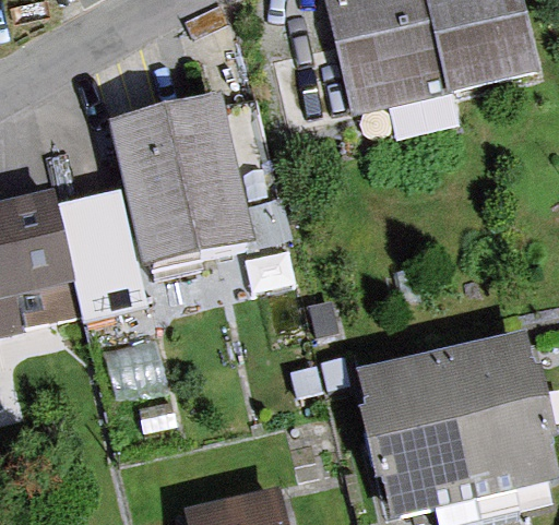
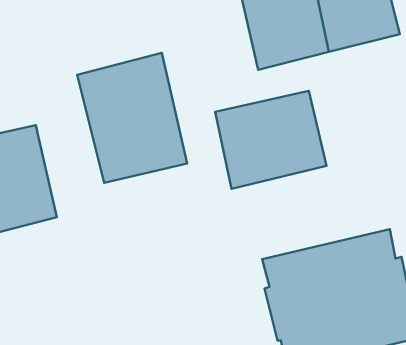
building: none -> [215,91,326,189]
building: [56,191,146,322] -> none

